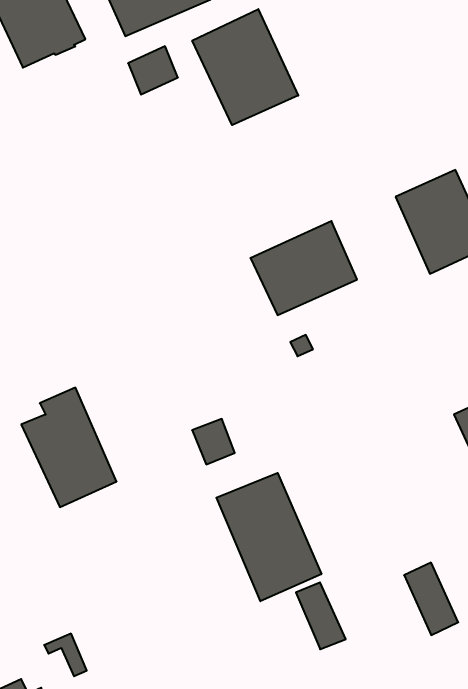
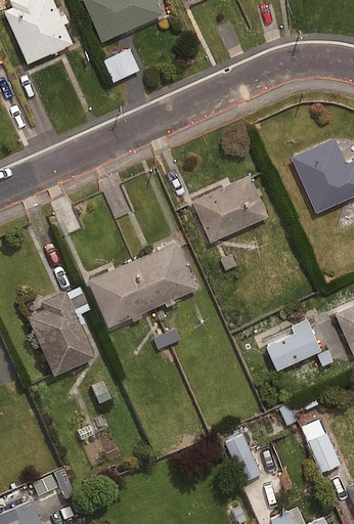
building: [192,9,298,125] -> none
building: none -> [88,239,198,328]
building: none -> [267,319,320,368]
building: [216,473,321,601] -> none

